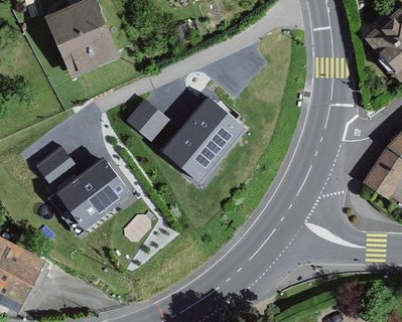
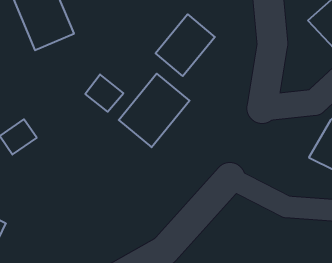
building: none -> [156,14,215,76]
building: [55,160,126,226] -> none

